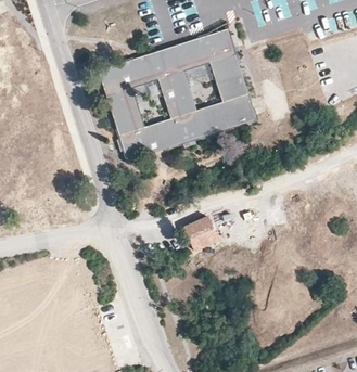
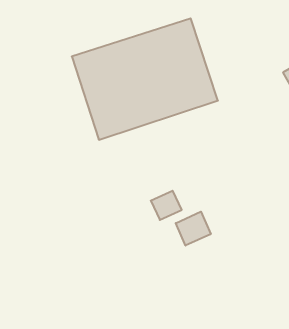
building: none -> [176,212,211,246]

